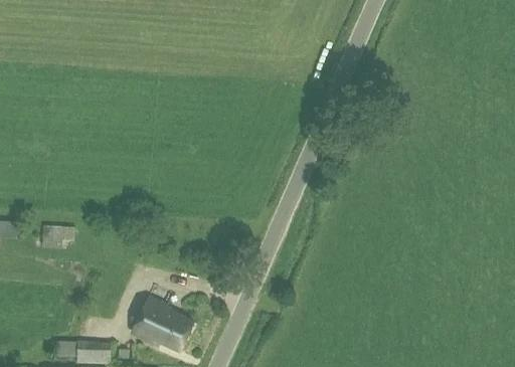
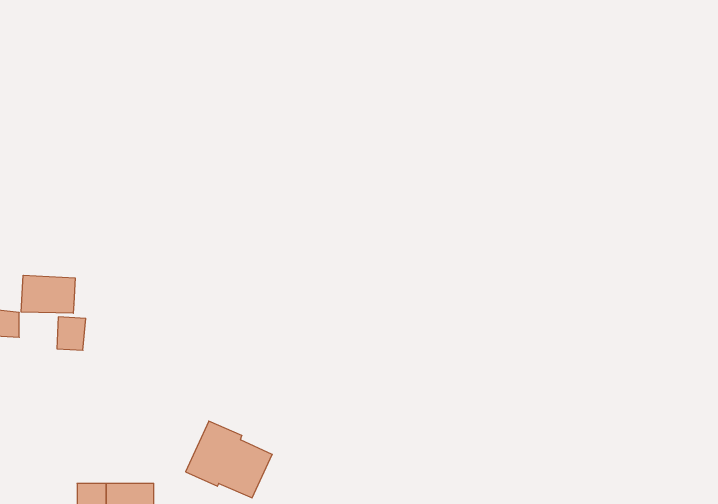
building: none -> [21,275,75,313]

